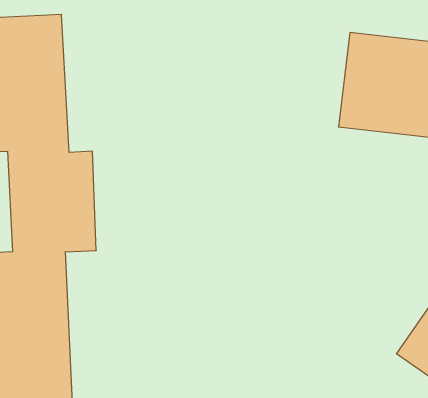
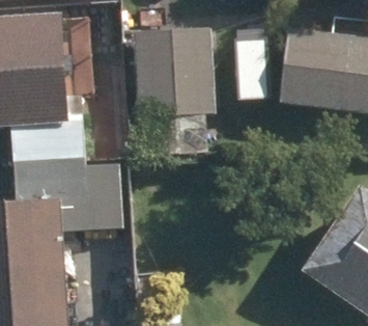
building: none -> [137,27,216,133]

